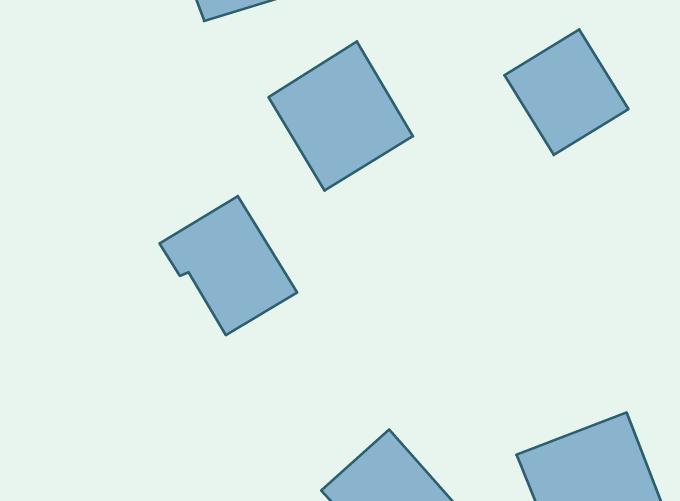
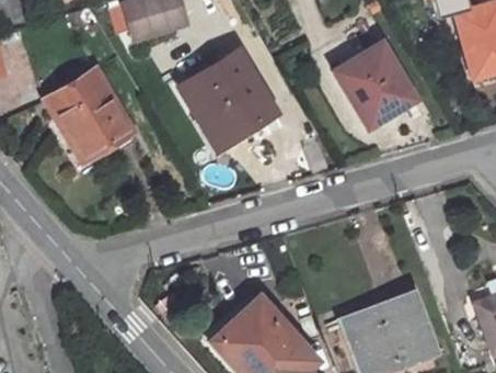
building: [160,196,297,335] -> [45,68,134,158]

